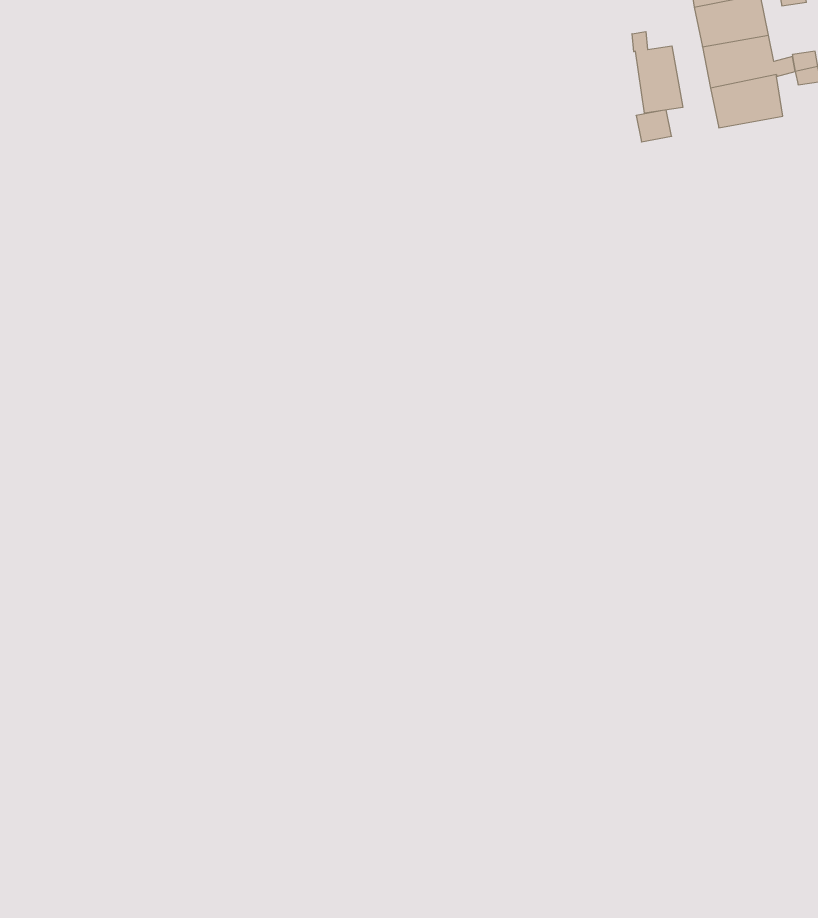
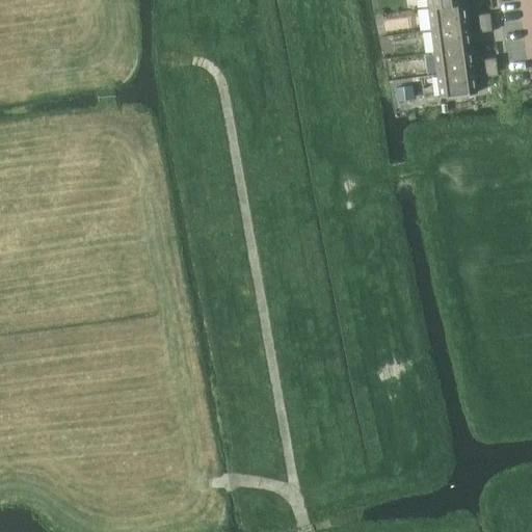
building: [632,32,683,113] -> none

